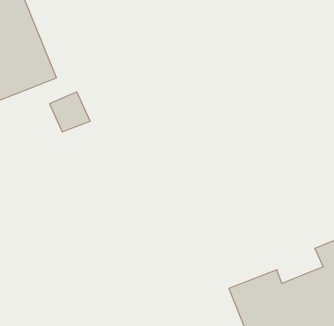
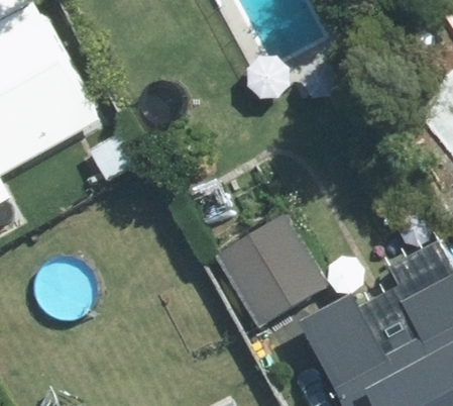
building: none -> [216,214,326,325]

